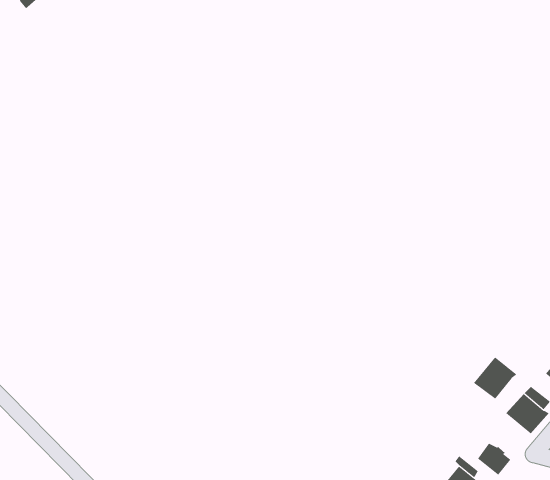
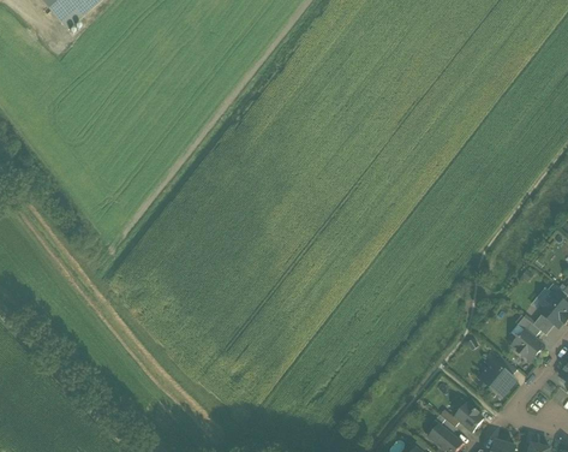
building: [473,357,518,400] -> none

